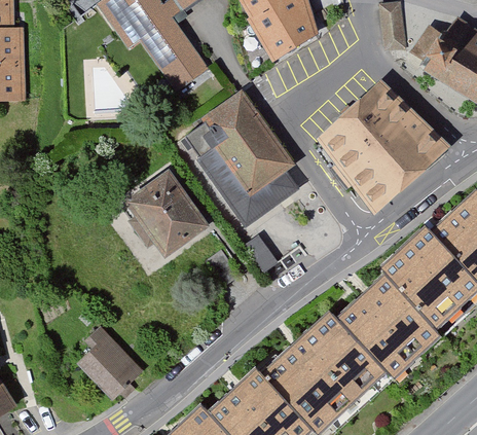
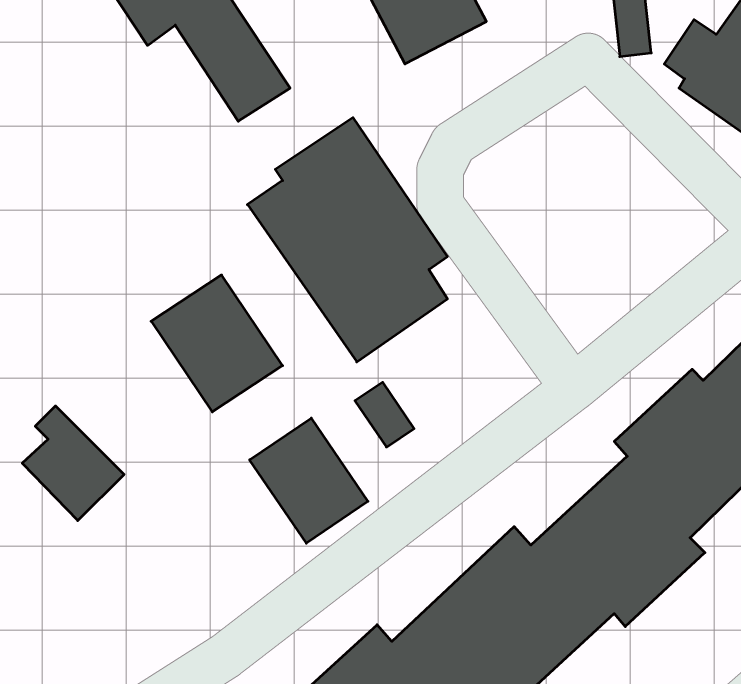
building: [326,88,446,215] -> none
building: none -> [250,418,368,543]
building: [82,332,139,396] -> [22,406,124,521]

